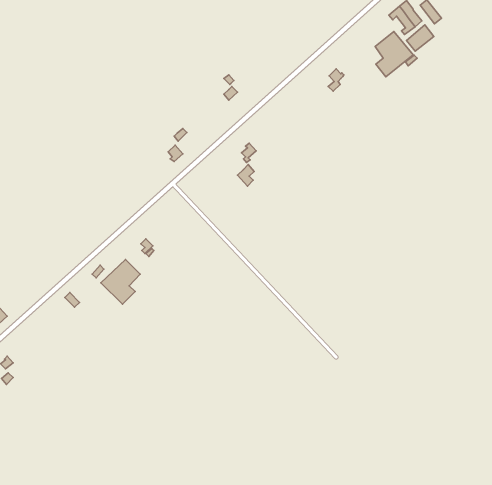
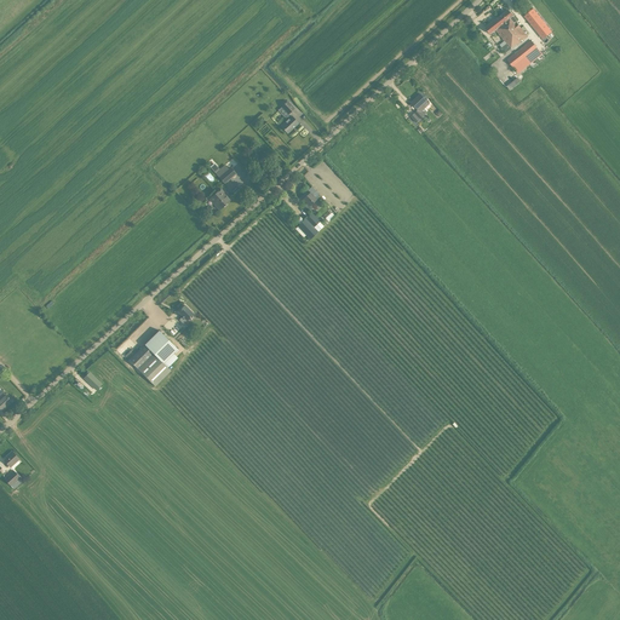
building: [375,32,413,77] -> none

